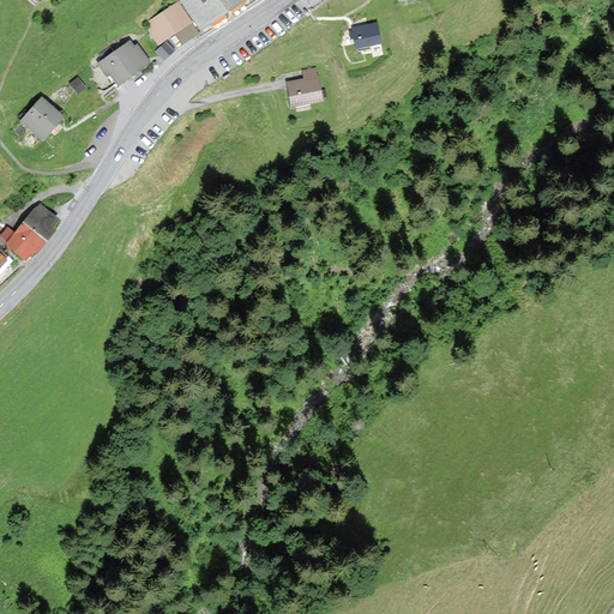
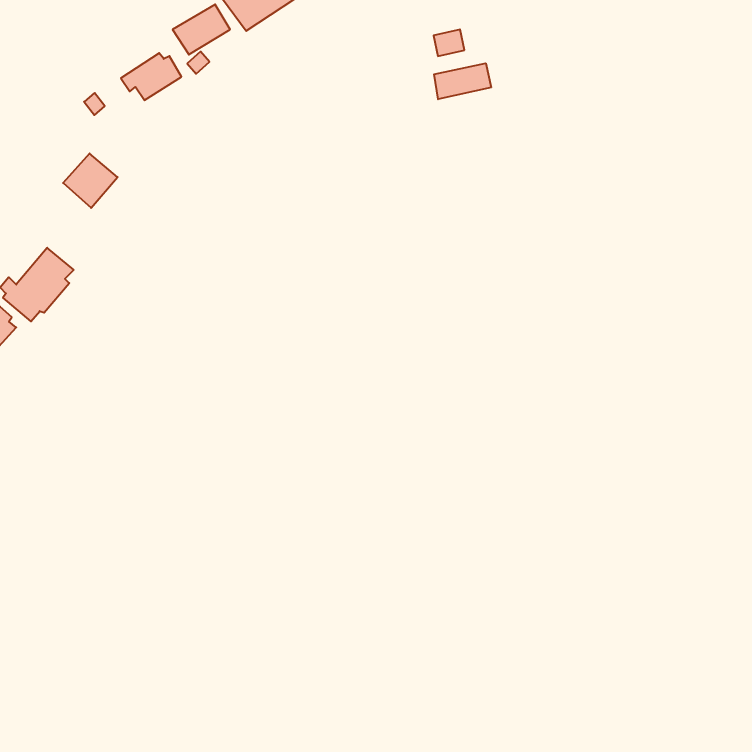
building: none -> [434,63,491,99]
building: [288,68,320,104] -> none
building: [19,97,64,142] -> [63,153,118,208]

